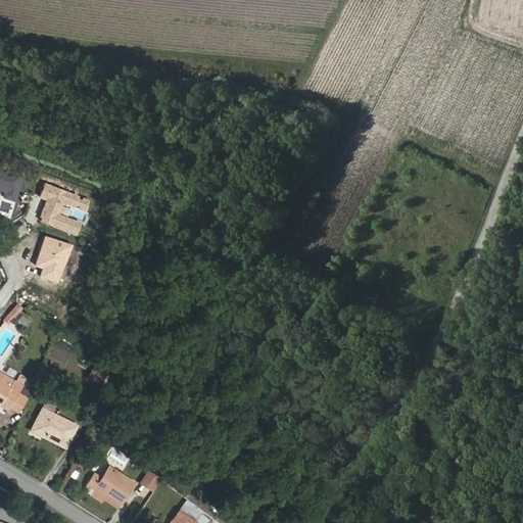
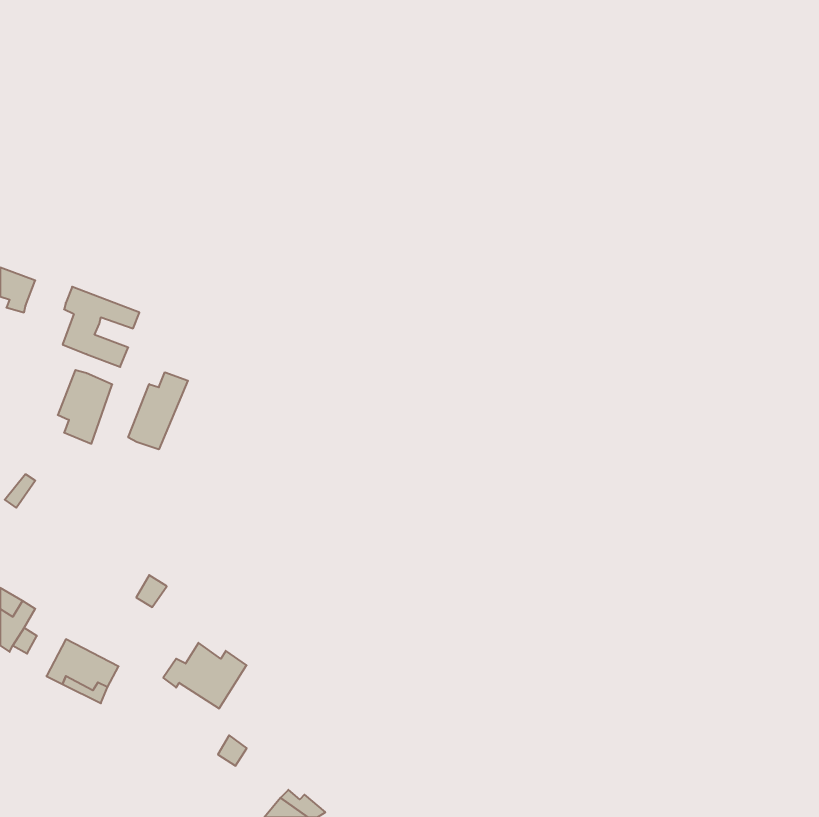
building: none -> [128,372,188,449]
building: [81,466,134,508] -> [163,643,247,708]

